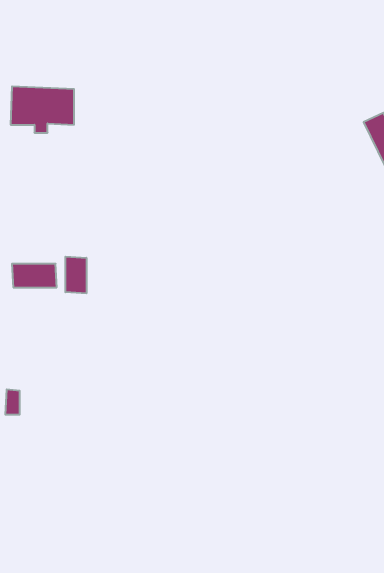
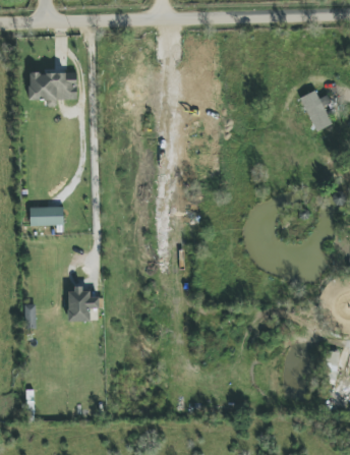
building: [65,257,86,293] -> none
building: none -> [68,288,100,321]

